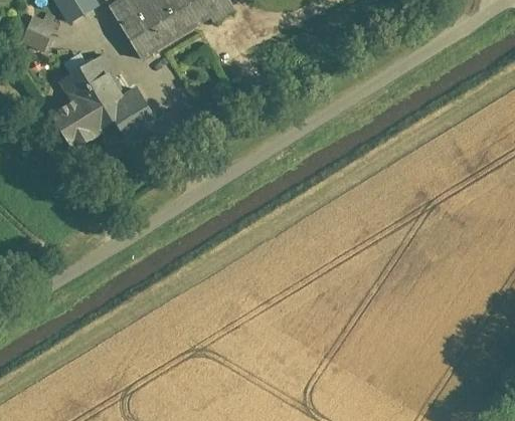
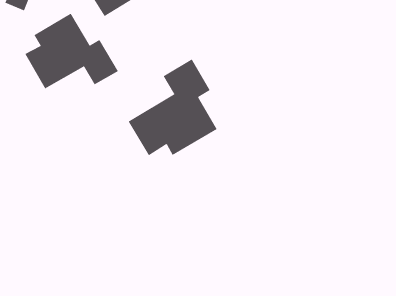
building: none -> [128,58,218,156]

